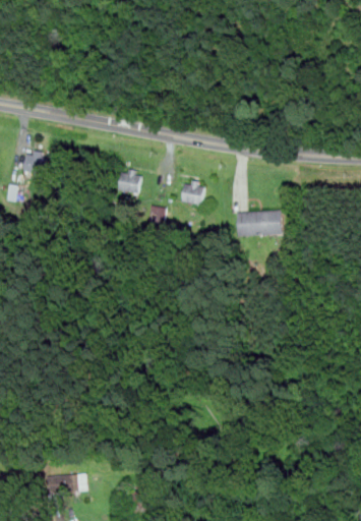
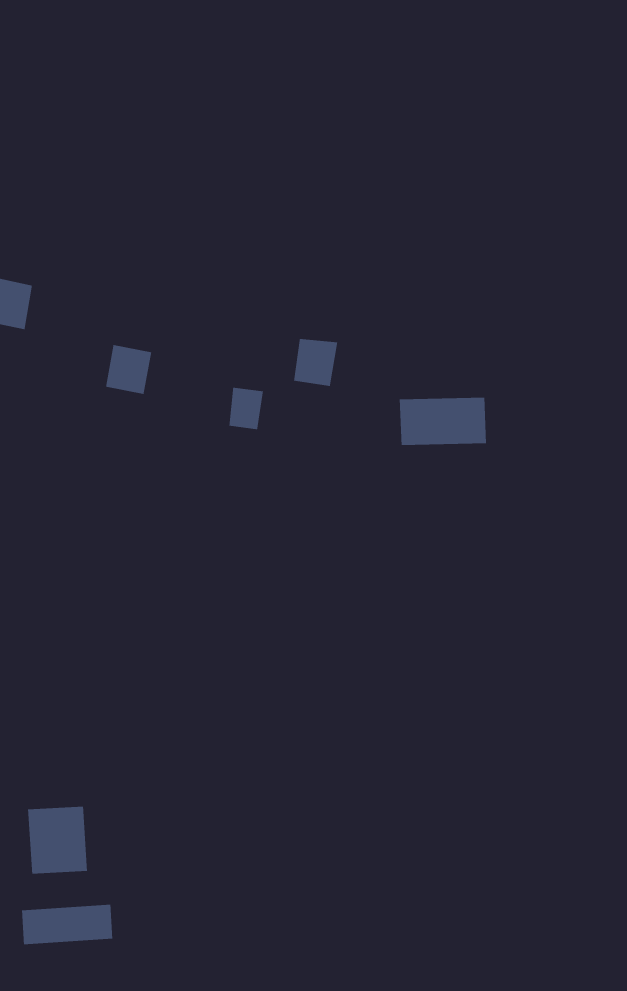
building: [117,168,141,194] -> [105,344,152,395]
building: none -> [27,806,88,874]

